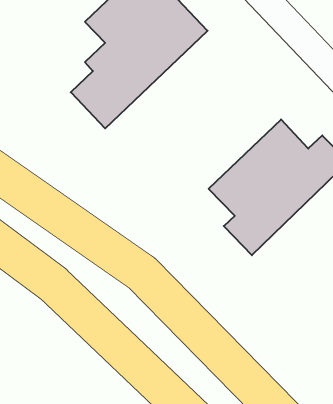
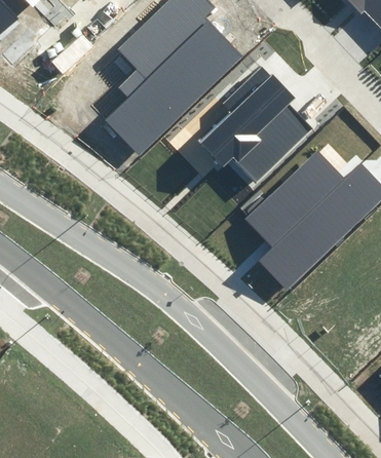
building: none -> [199,66,313,182]

